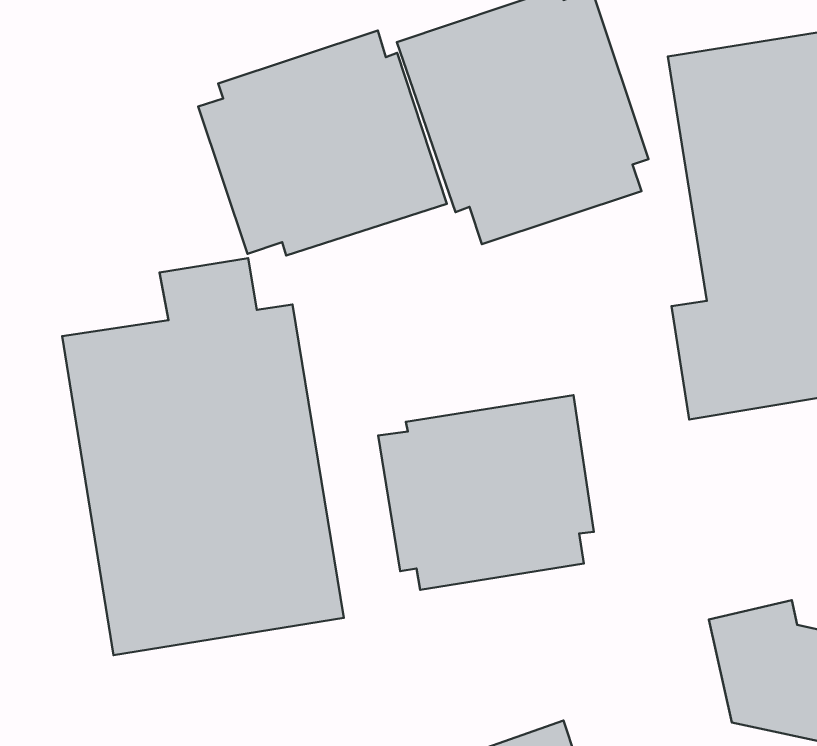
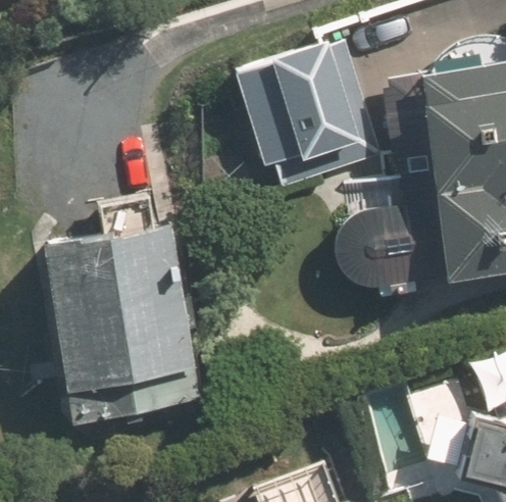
building: [198,30,447,256] -> none
building: [378,395,594,590] -> none

